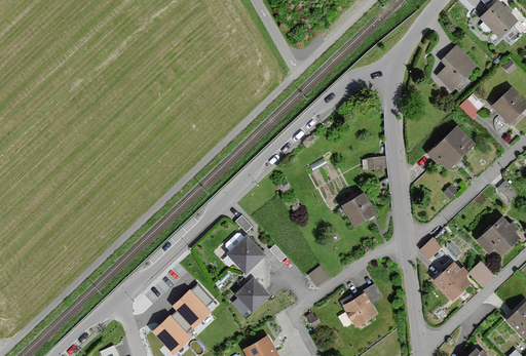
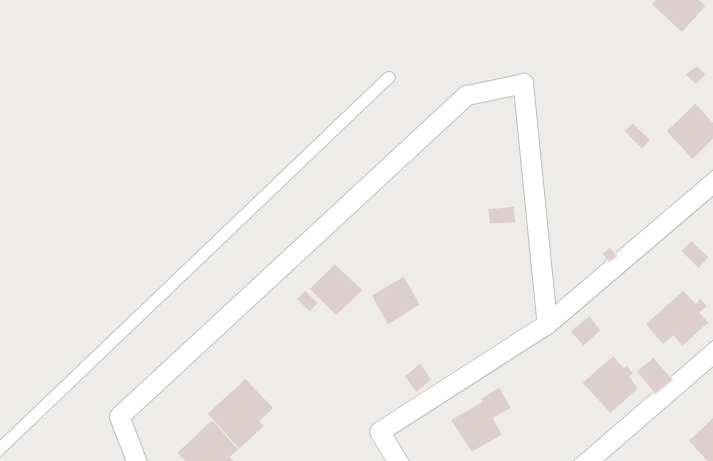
building: [438,47,479,93] -> none
building: [426,125,476,170] -> none
building: [341,193,375,227] -> [371,276,421,325]
building: [226,236,263,272] -> [309,263,363,316]
building: [233,277,268,312] -> none

